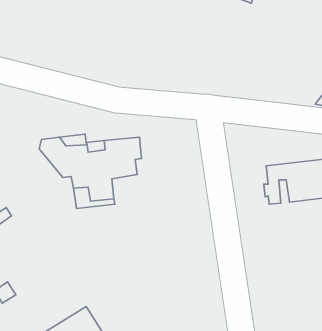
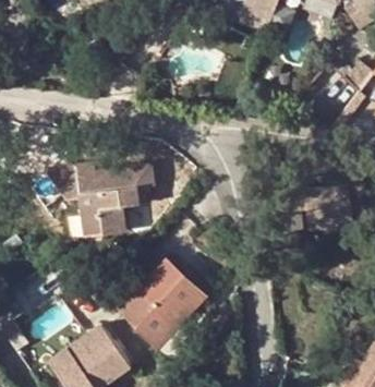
building: none -> [123,262,206,351]

